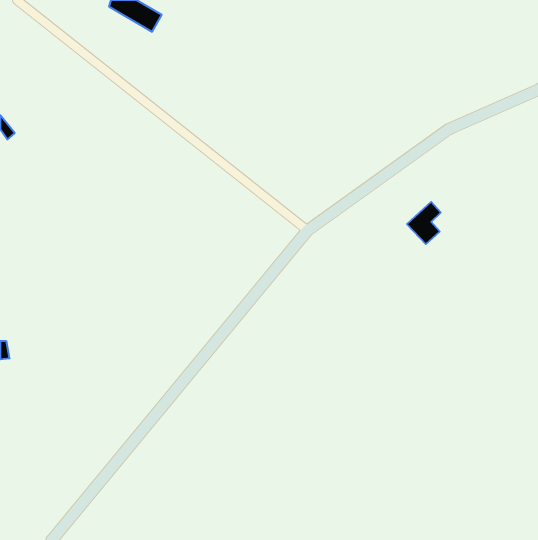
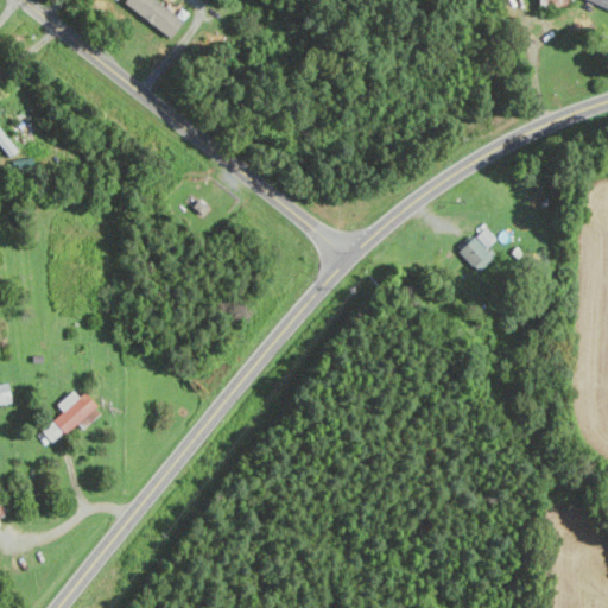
building: none -> [43,391,91,444]

